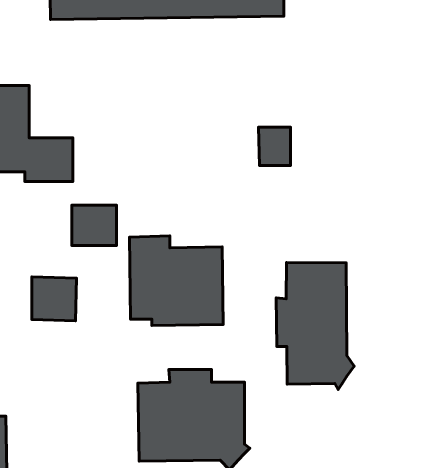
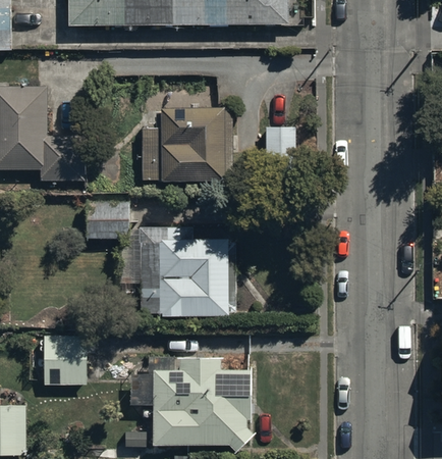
building: none -> [142,111,231,185]
building: [276,262,354,390] -> none
building: [32,277,76,321] -> [44,345,87,387]

